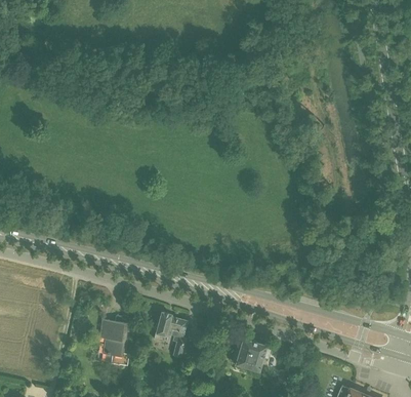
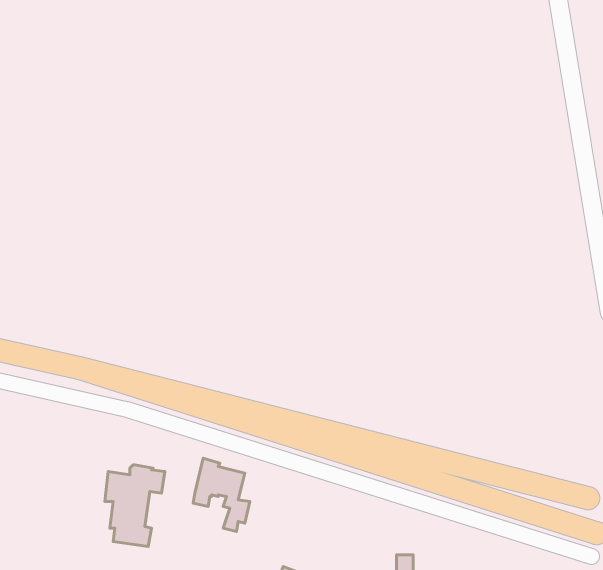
building: [235,338,271,370] -> none

